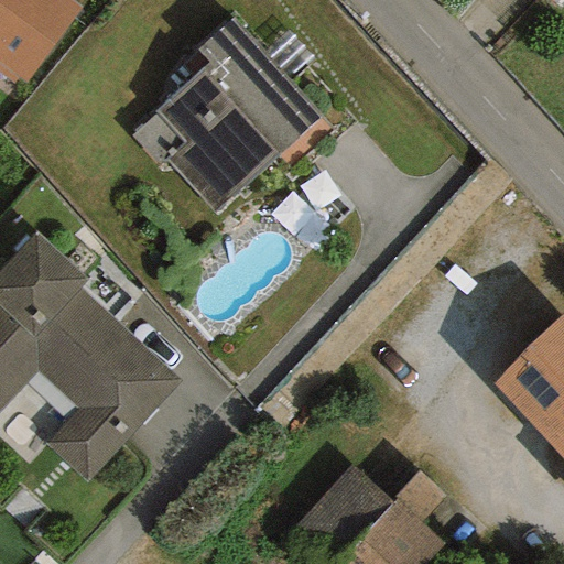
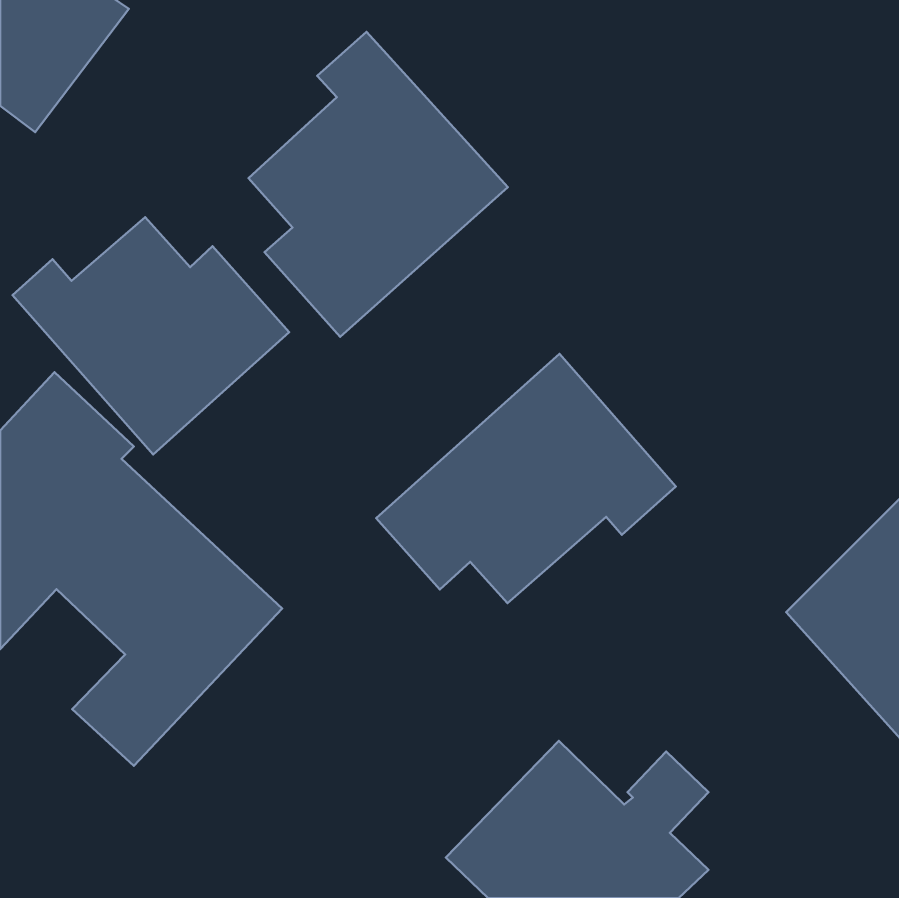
building: none -> [12,217,289,454]
building: none -> [376,354,676,603]

